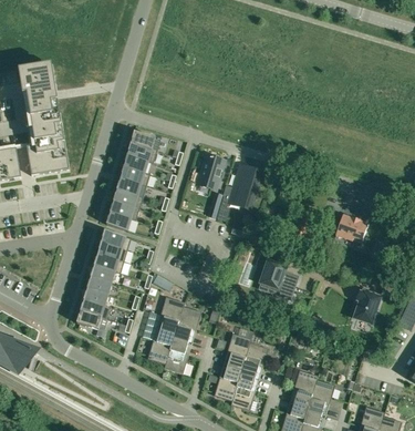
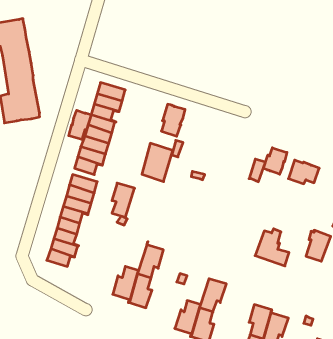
building: none -> [69,110,91,139]
building: [228,167,261,208] -> [142,143,173,182]
building: none -> [263,148,287,174]
building: [259,258,295,298] -> [255,229,289,266]
building: [160,296,185,332] -> [112,183,135,217]
building: [227,332,250,369] -> none

